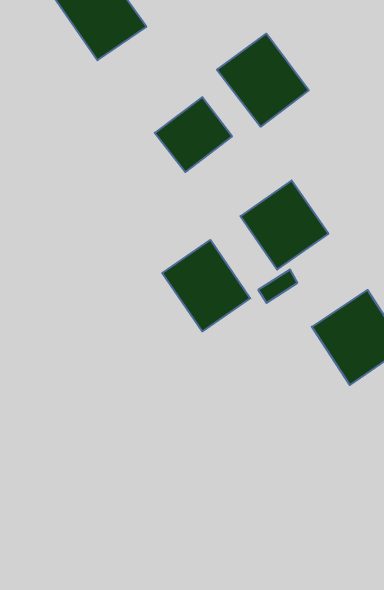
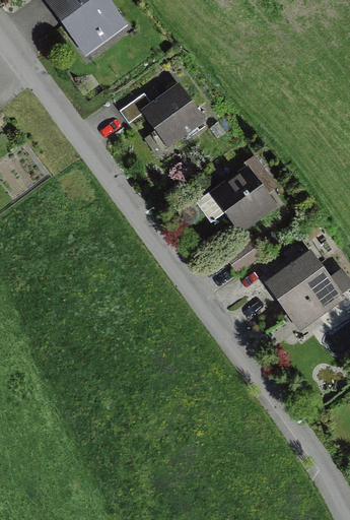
building: [217,34,309,127] -> none
building: [162,240,250,331] -> none

